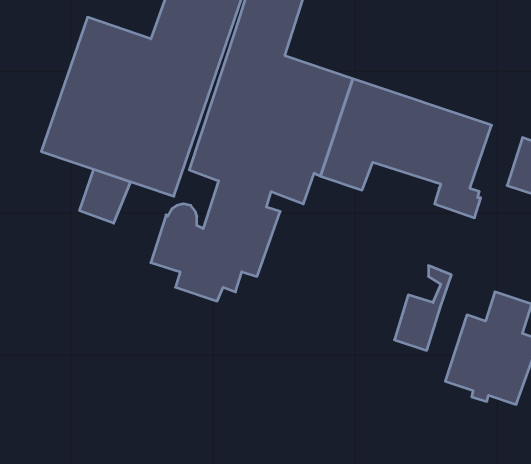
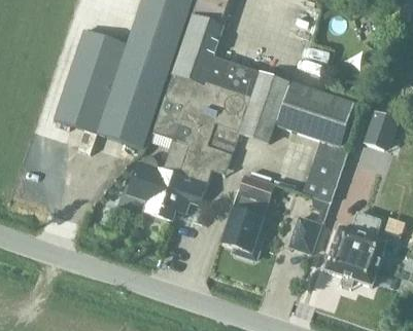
building: [80,169,130,223] -> none
building: none -> [303,153,343,200]
building: none -> [221,174,275,258]

